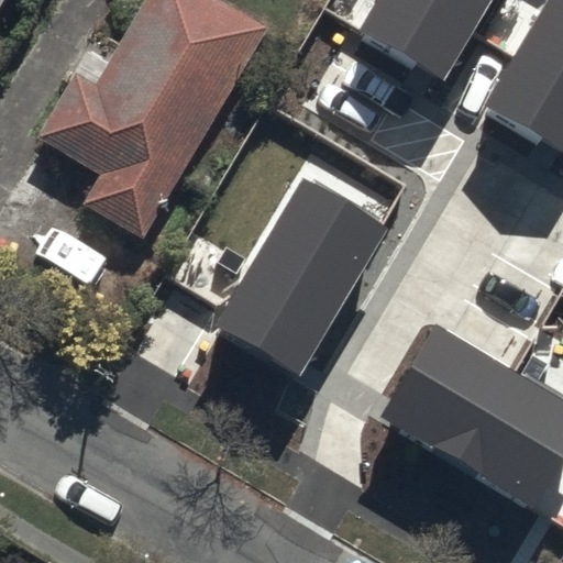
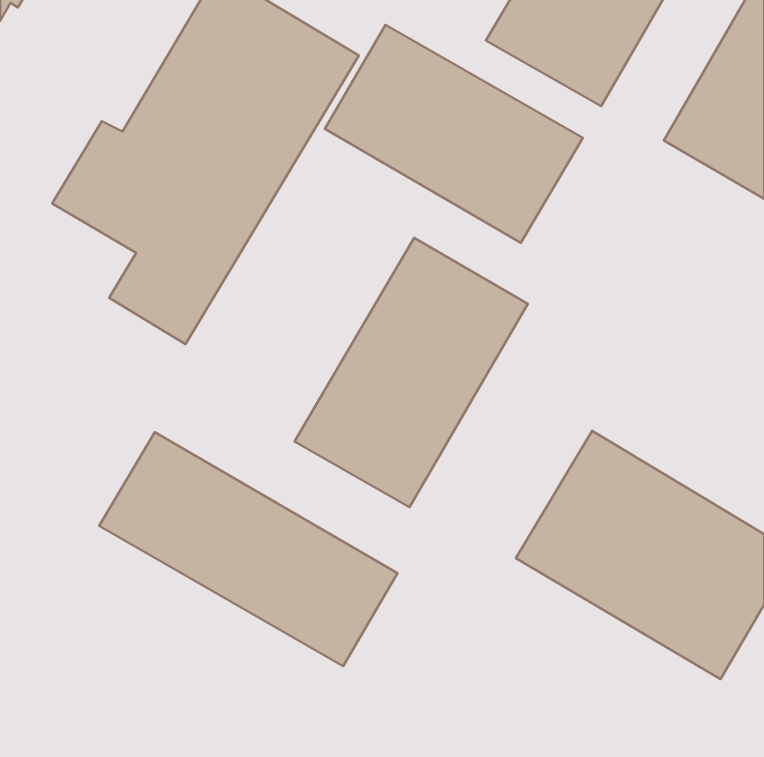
building: none -> [325,25,583,243]
building: none -> [99,432,397,666]

